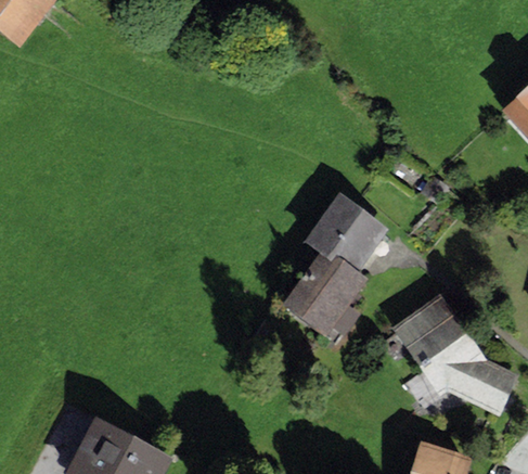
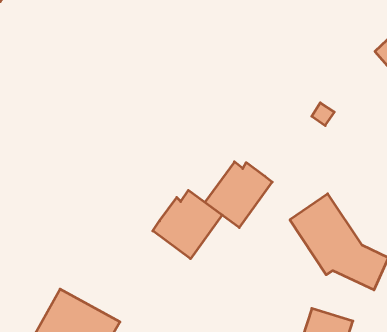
building: [305,193,390,271] -> none
building: none -> [153,190,222,259]

